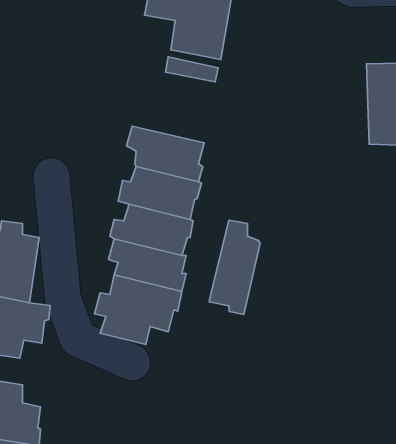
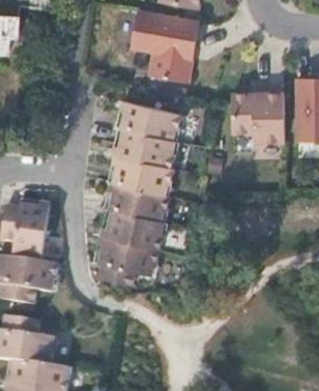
building: none -> [232,91,285,146]
building: none -> [117,101,180,140]
building: [209,220,260,314] -> none

